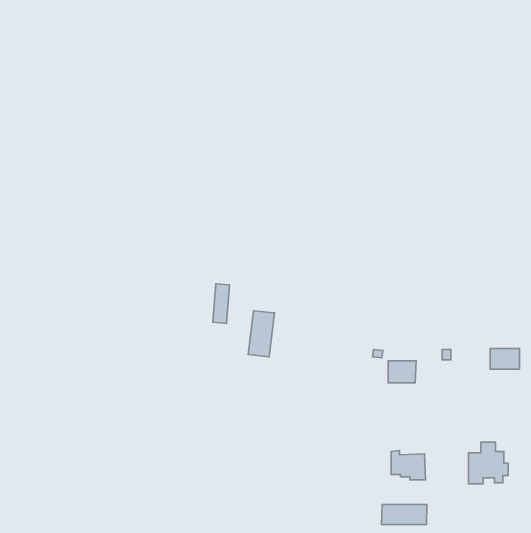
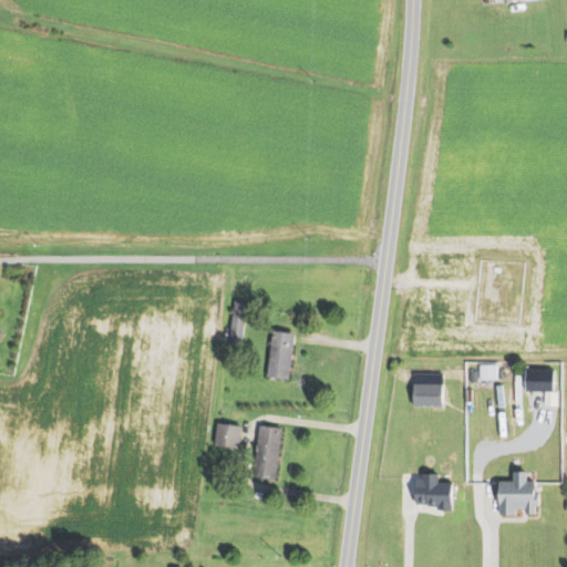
building: none -> [214,424,239,447]
building: none -> [251,425,281,480]
building: [382,505,427,524] -> none

